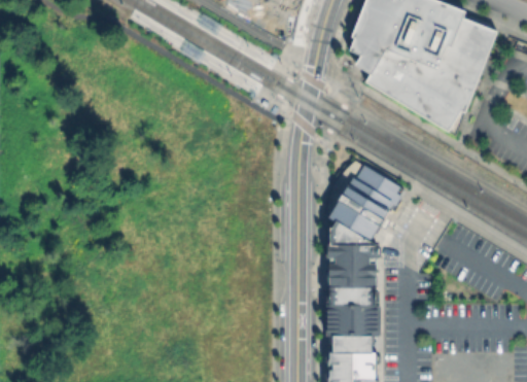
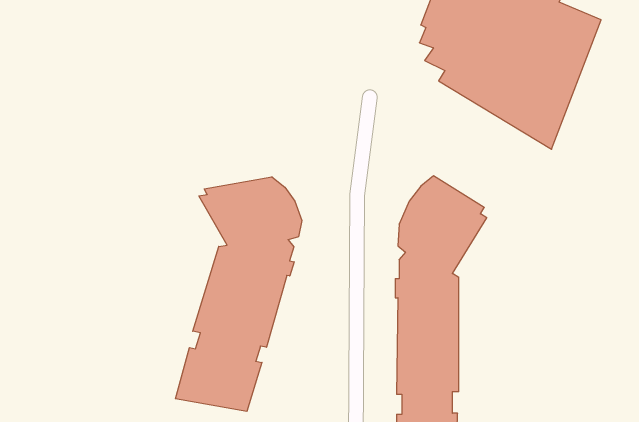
building: none -> [175,177,302,411]

